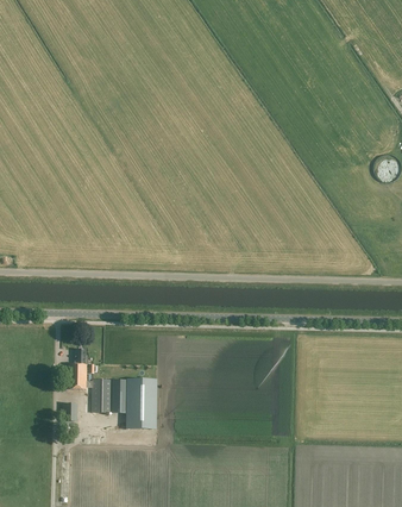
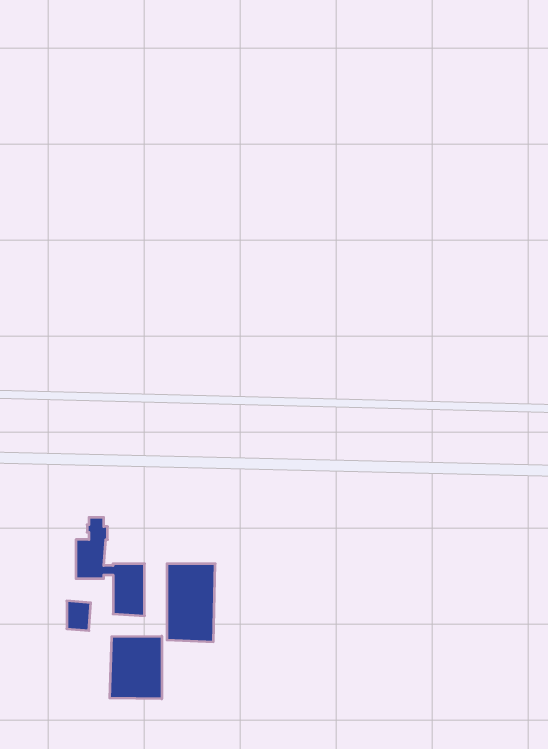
building: none -> [110,636,162,699]

